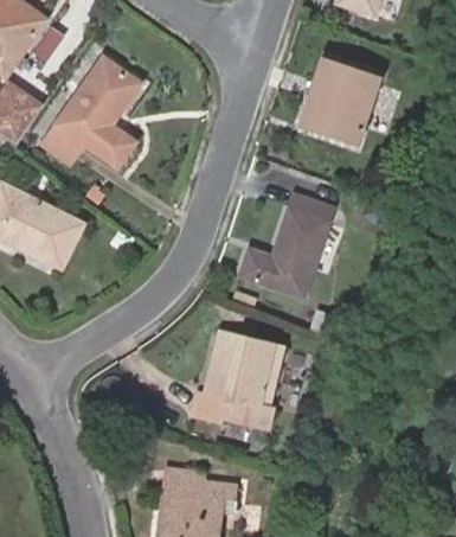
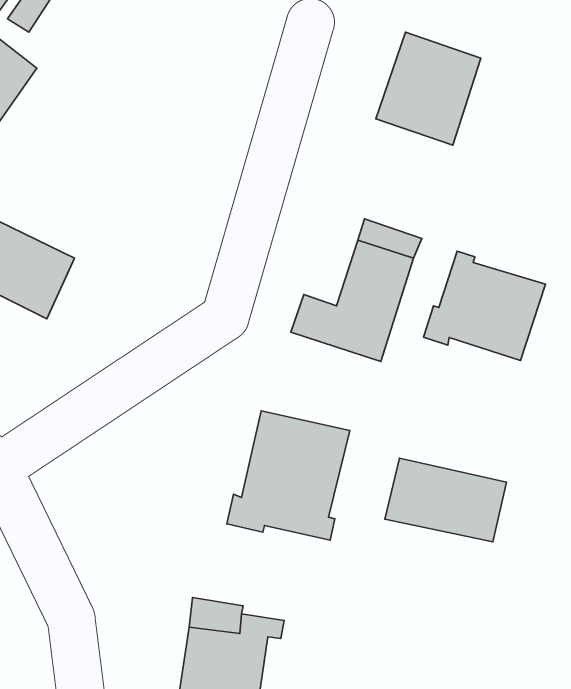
building: [43,57,139,166] -> none
building: none -> [423,251,546,360]
building: none -> [385,458,507,542]

